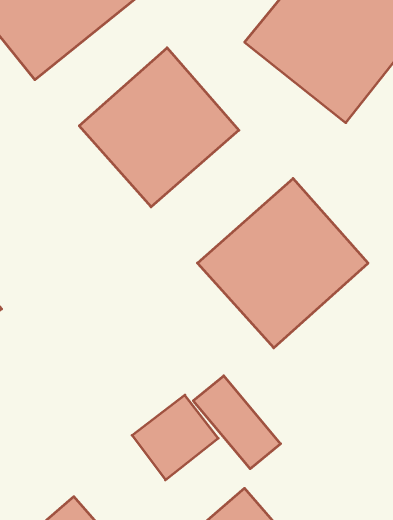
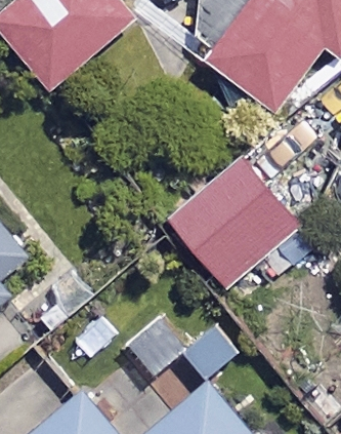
building: [79,48,239,207] -> none

